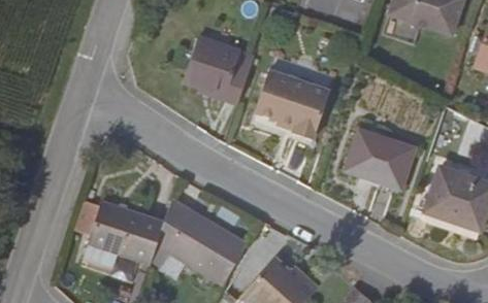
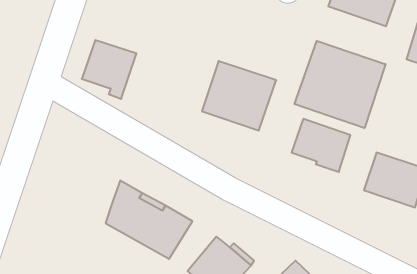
building: [197,37,256,100] -> [82,40,137,99]
building: none -> [295,41,386,128]
building: [82,201,159,265] -> none

